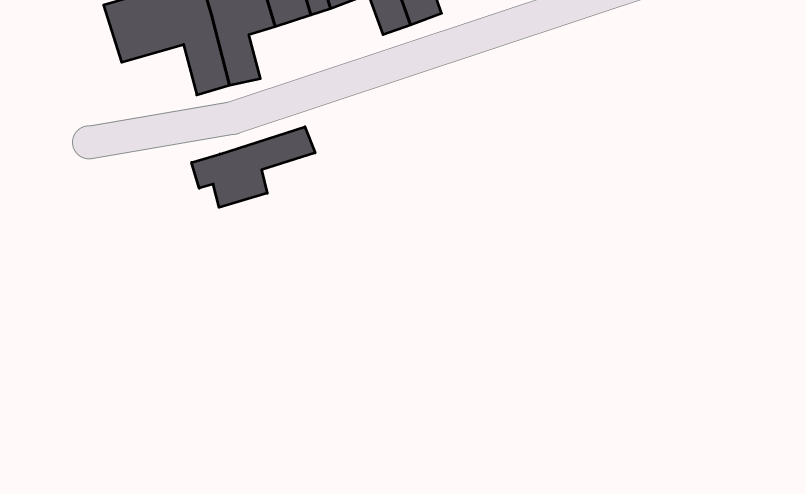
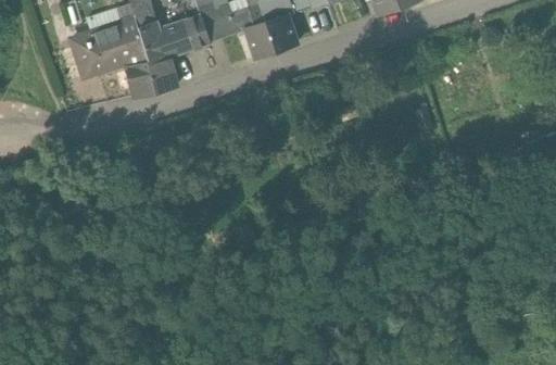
building: [192,127,315,207] -> none

